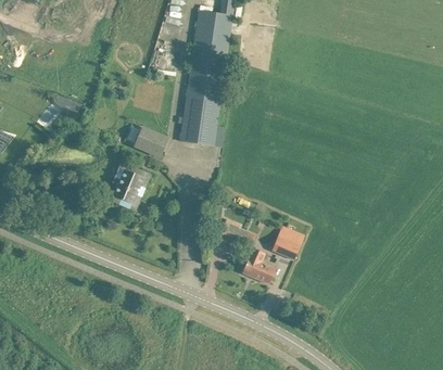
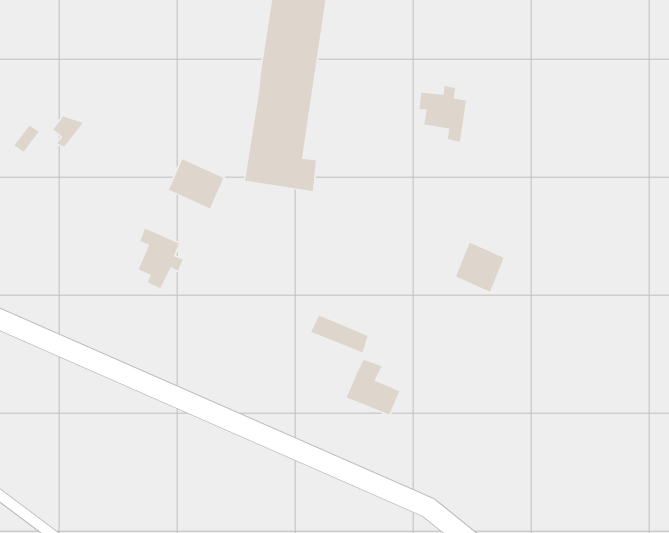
building: none -> [418,85,467,143]
building: [273,228,303,259] -> [455,241,505,293]

